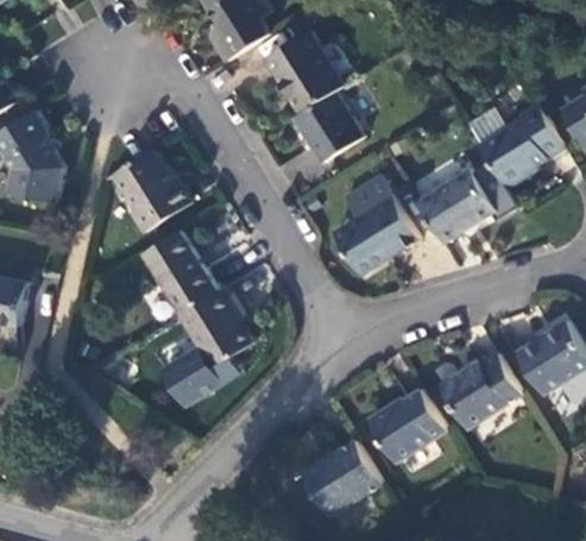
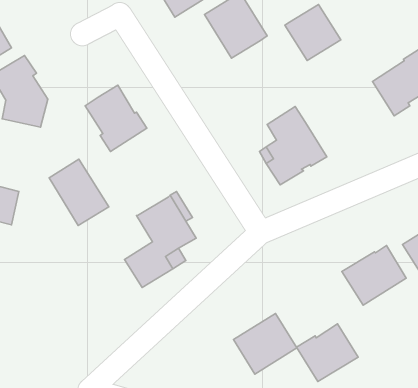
building: [291,90,363,162] -> [285,5,341,60]
building: [415,166,494,243] -> none
building: [140,229,216,314] -> [49,159,109,225]
building: [366,388,445,461] -> [296,324,358,382]

